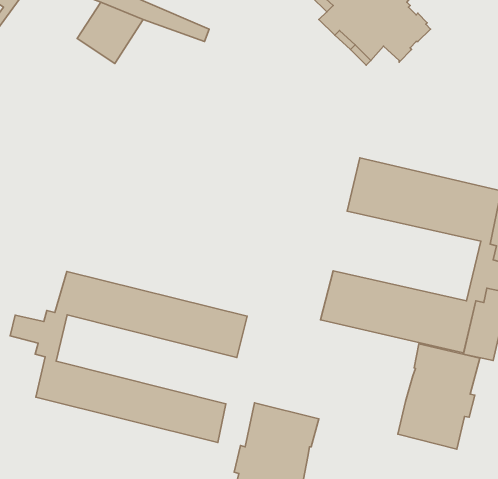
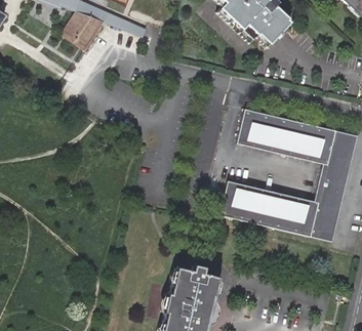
building: [10,272,247,442] -> none
building: [398,344,480,449] -> none

